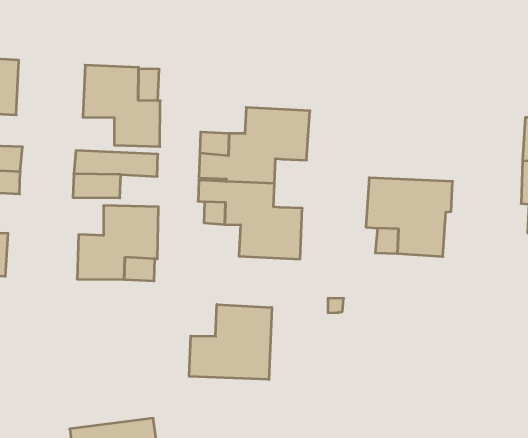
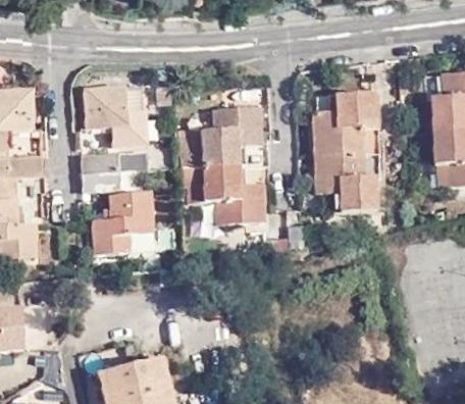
building: none -> [313,93,379,154]
building: [189,304,272,380] -> none

